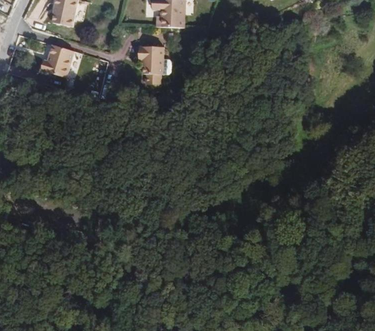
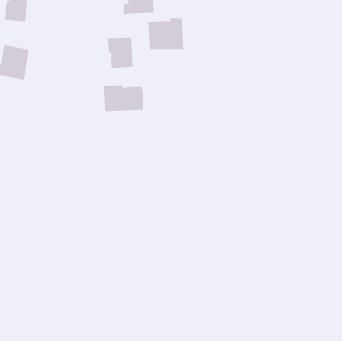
building: none -> [147,17,184,50]
building: none -> [103,85,144,112]

